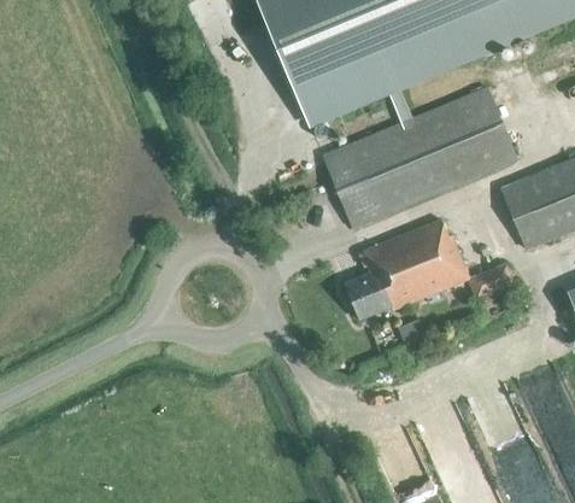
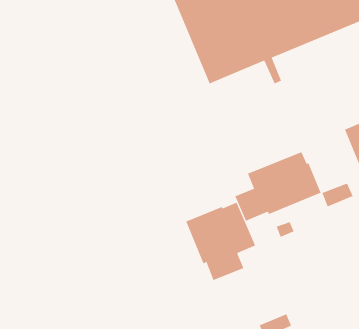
building: [323,87,517,228] -> none
building: none -> [186,202,256,281]

